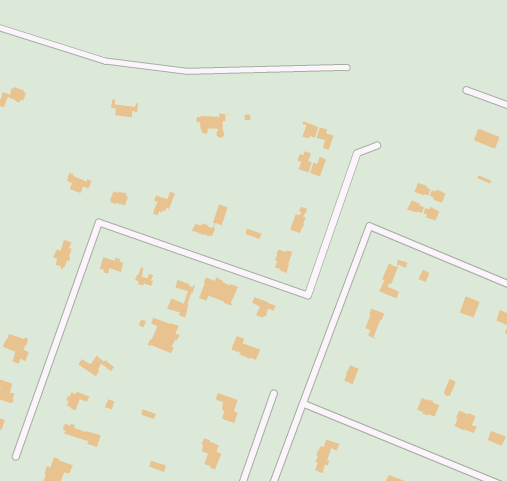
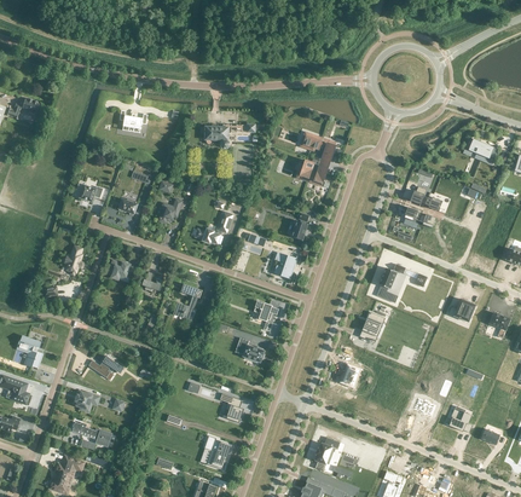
building: [198,276,239,307] -> none
building: [147,317,181,354] -> none

